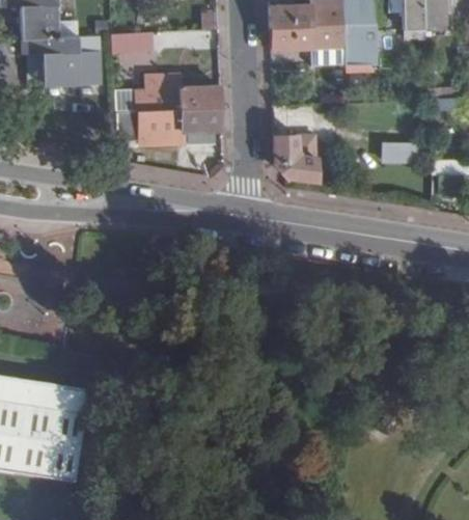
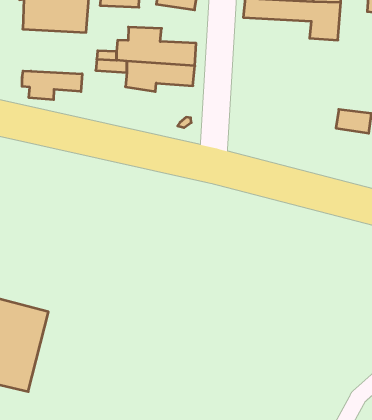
building: none -> [22,71,82,100]
building: [272,134,319,182] -> none

